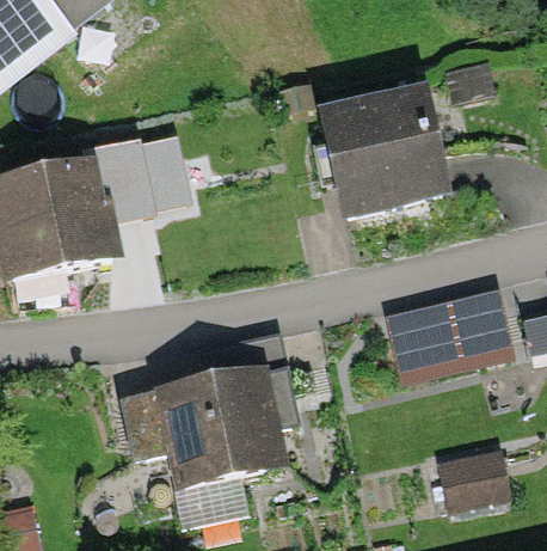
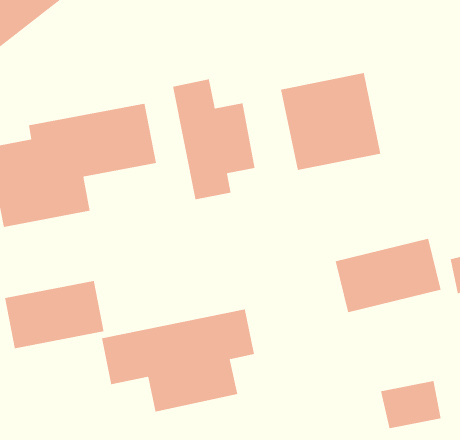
building: none -> [172,79,255,200]
building: none -> [4,280,104,349]

